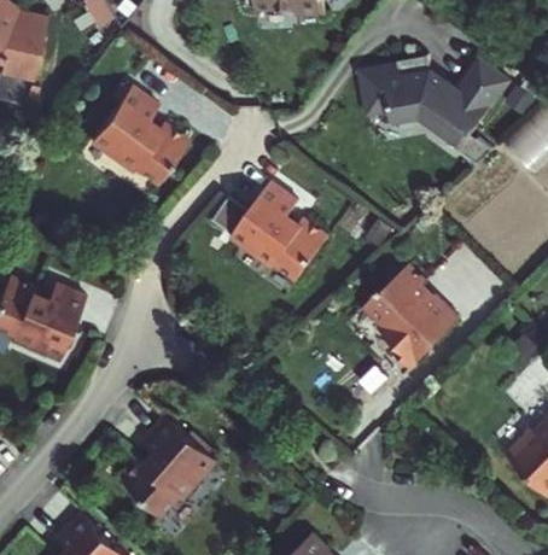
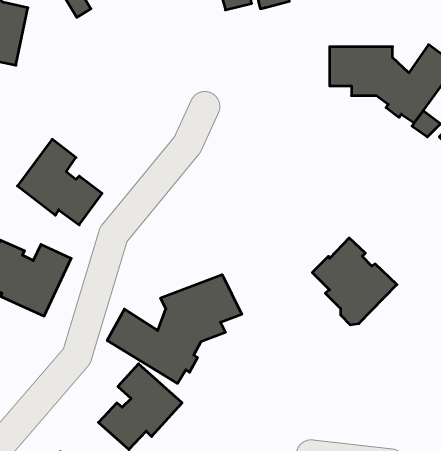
building: [93,82,187,177] -> [17,139,102,225]
building: [214,182,330,280] -> none
building: none -> [107,275,242,383]

